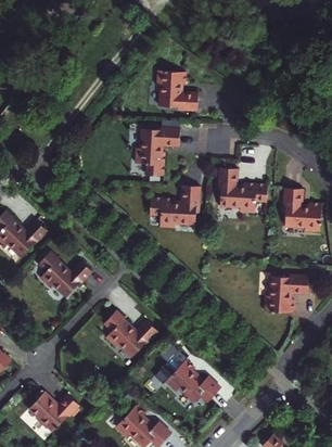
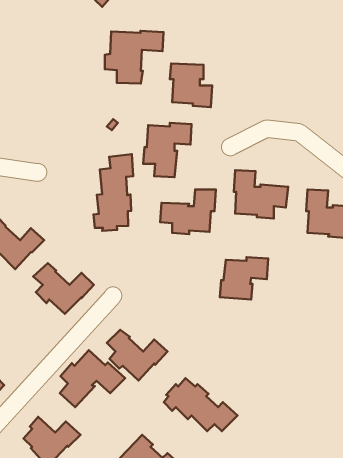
building: none -> [105,31,164,83]
building: none -> [94,154,133,231]
building: [267,273,310,311] -> [220,257,268,300]
building: none -> [60,350,125,407]

